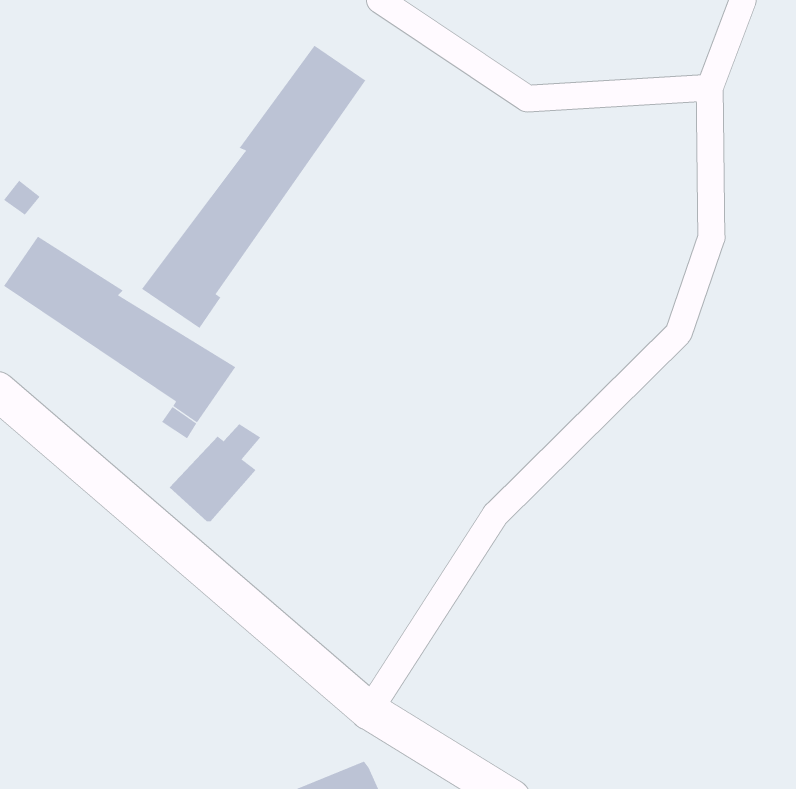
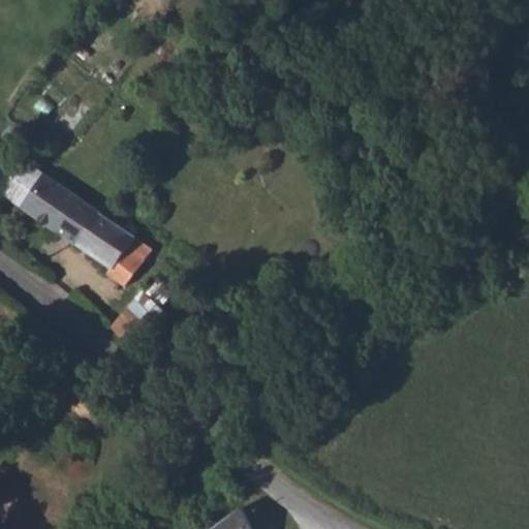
building: [141,45,366,329] -> none

